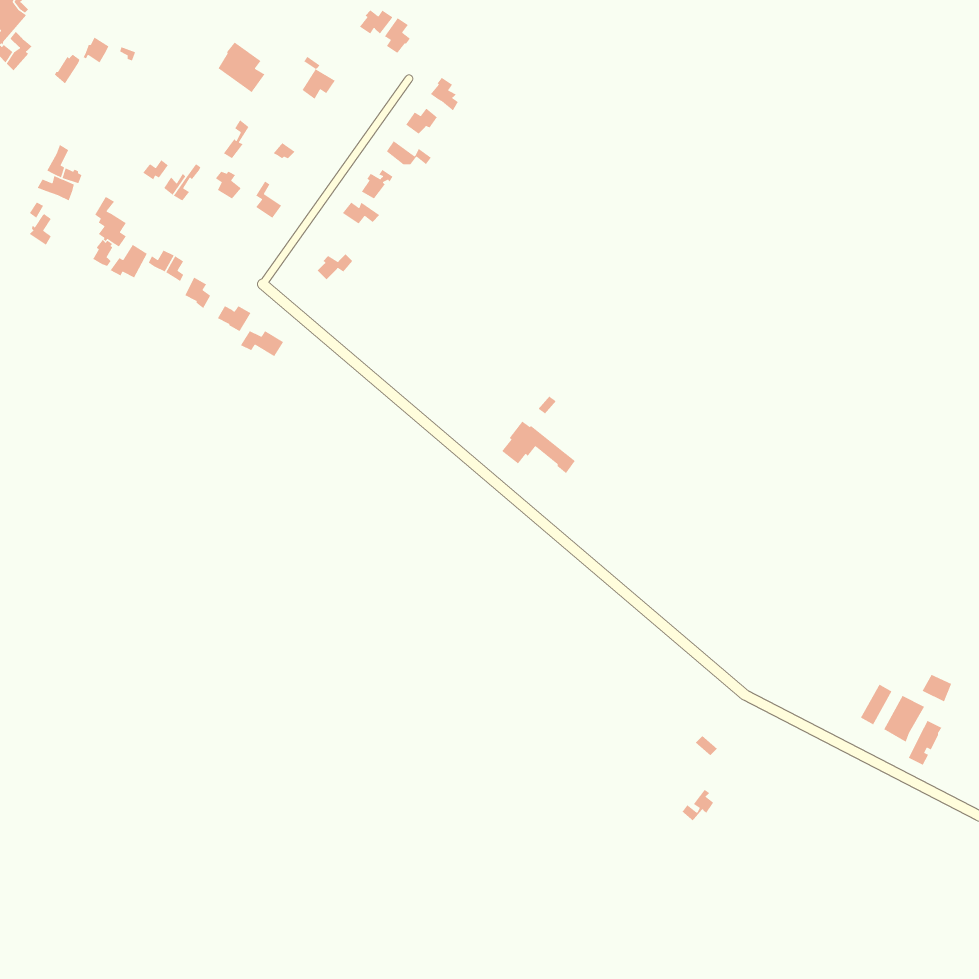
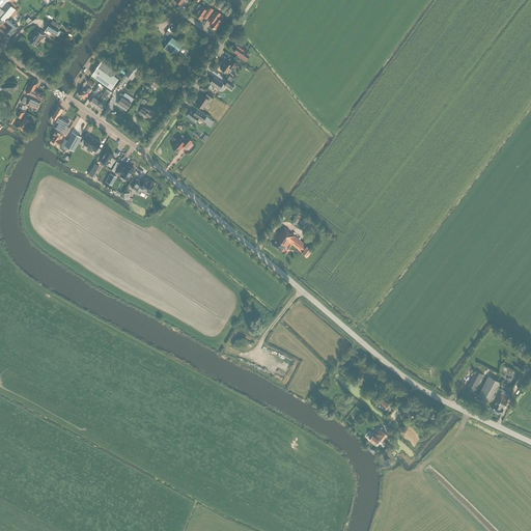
building: [217,41,265,93] -> [91,60,117,88]

